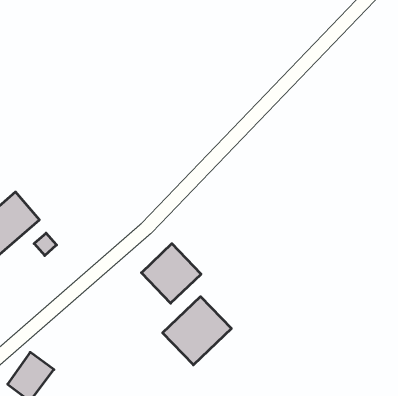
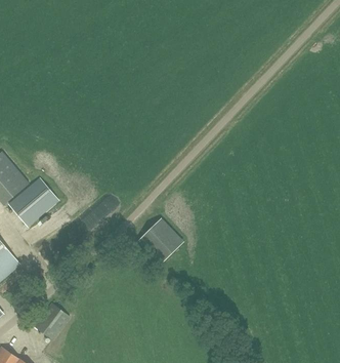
building: [163,297,231,365] -> none

